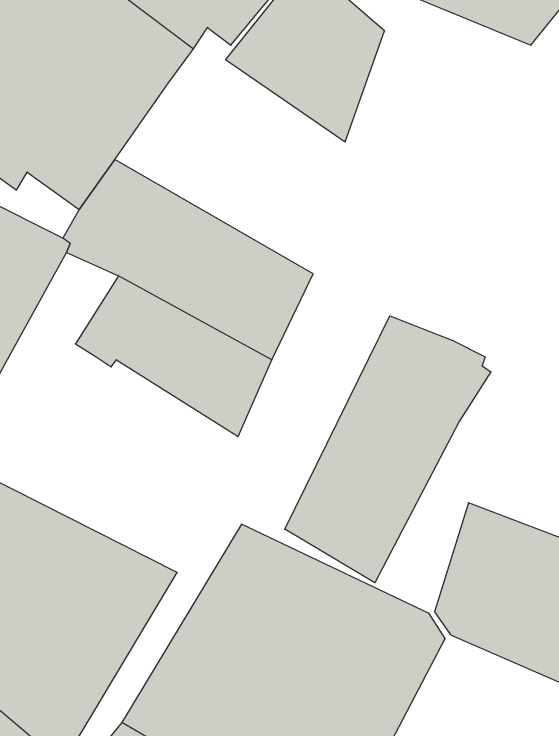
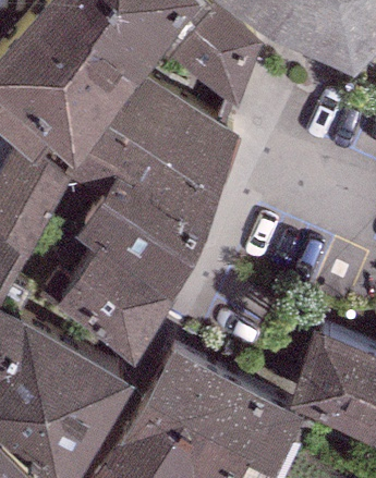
building: none -> [99,62,241,179]
building: [285,316,491,583] -> none
building: none -> [44,229,174,346]

